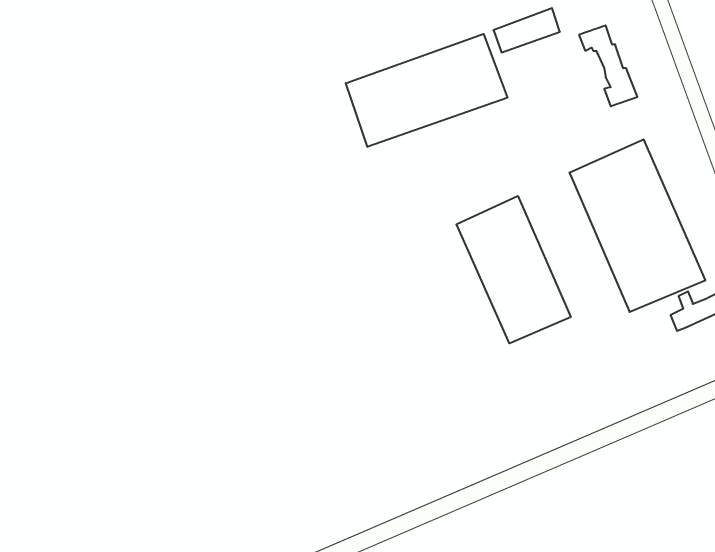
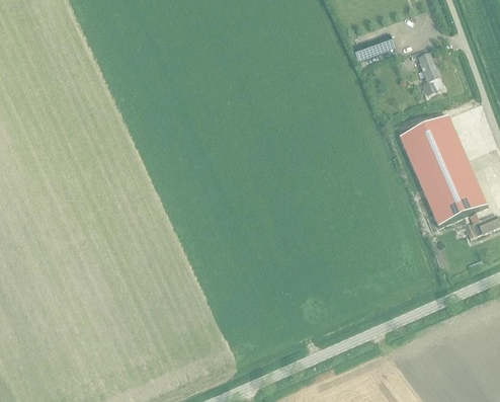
building: [346,34,507,147] -> none
building: [456,196,571,343] -> none

